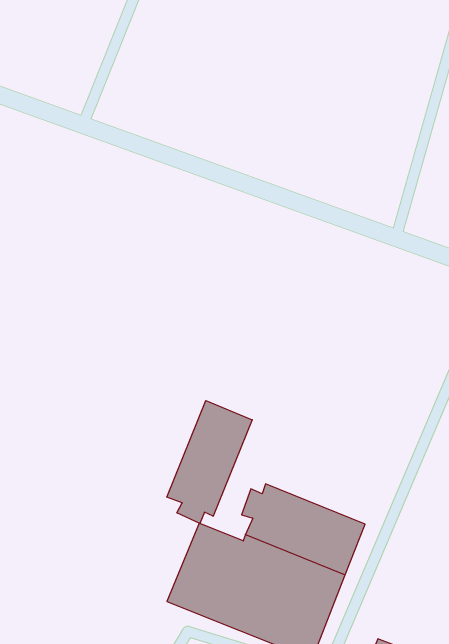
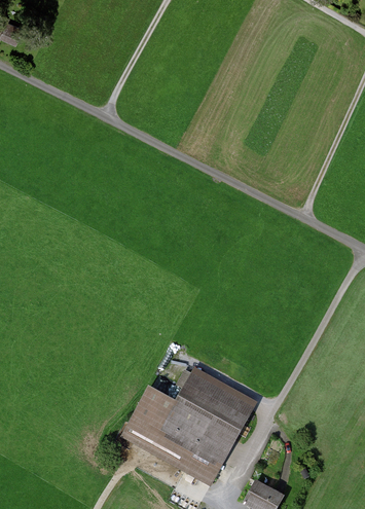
building: [167,401,252,524] -> none

